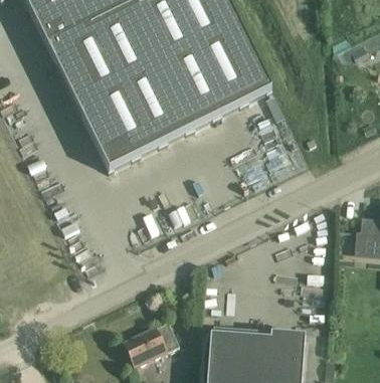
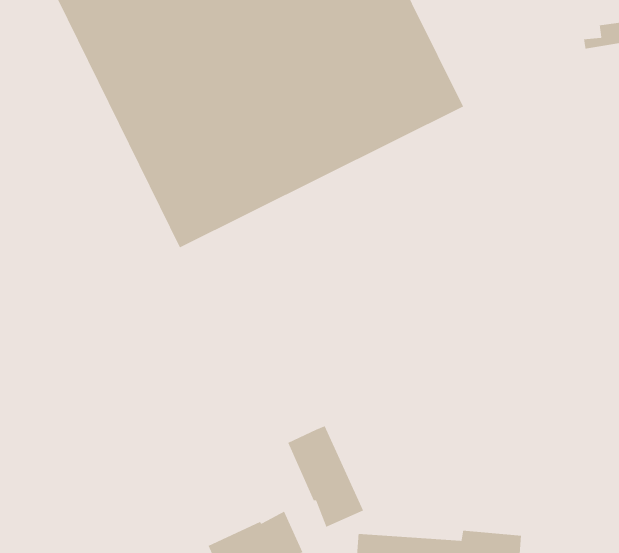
building: none -> [287,425,364,528]

